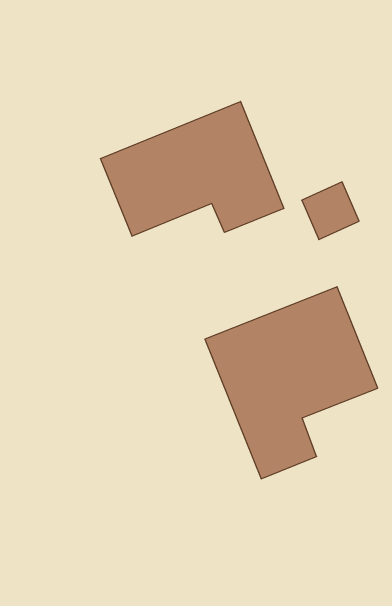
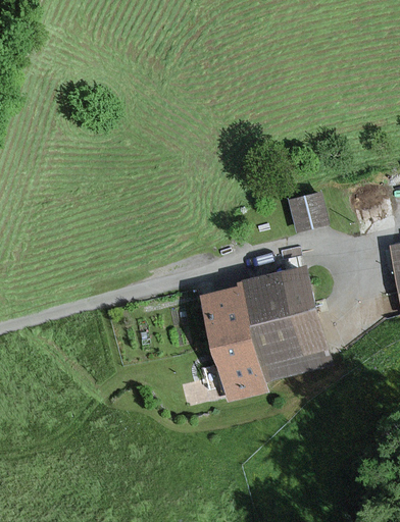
building: [101,101,284,236] -> none

